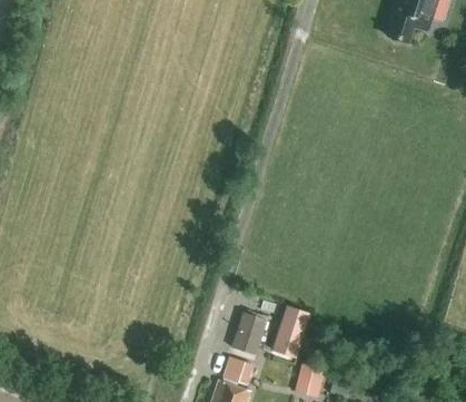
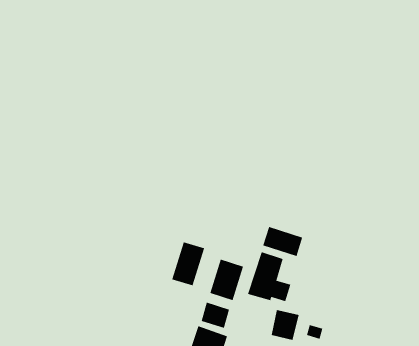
building: none -> [262,226,303,257]
building: none -> [172,241,205,286]

